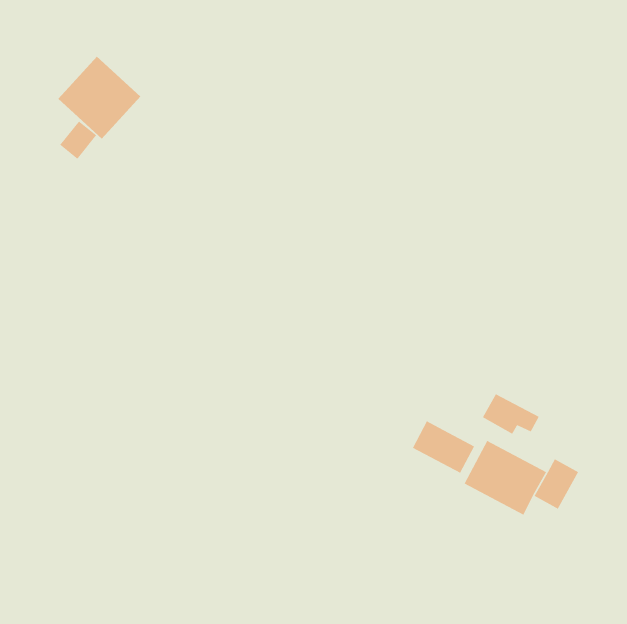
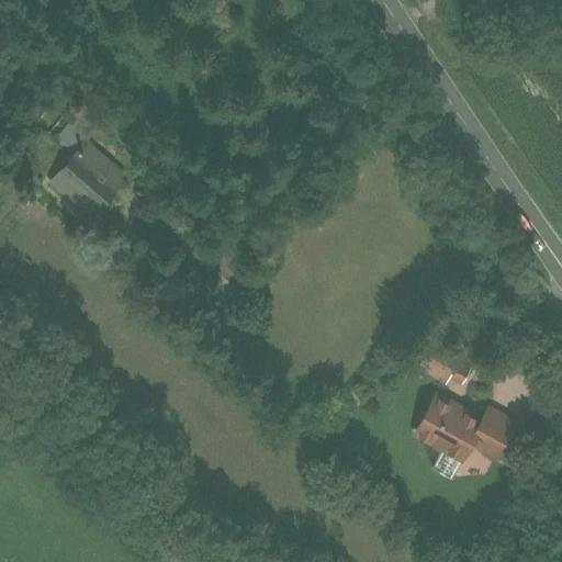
building: [57,56,141,139] -> [52,142,126,216]
building: [412,420,475,474] -> none

